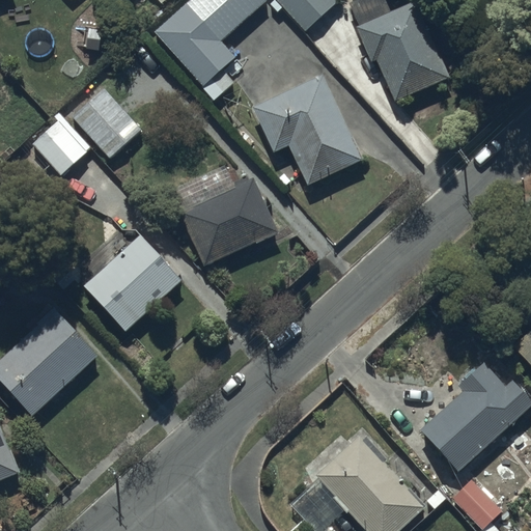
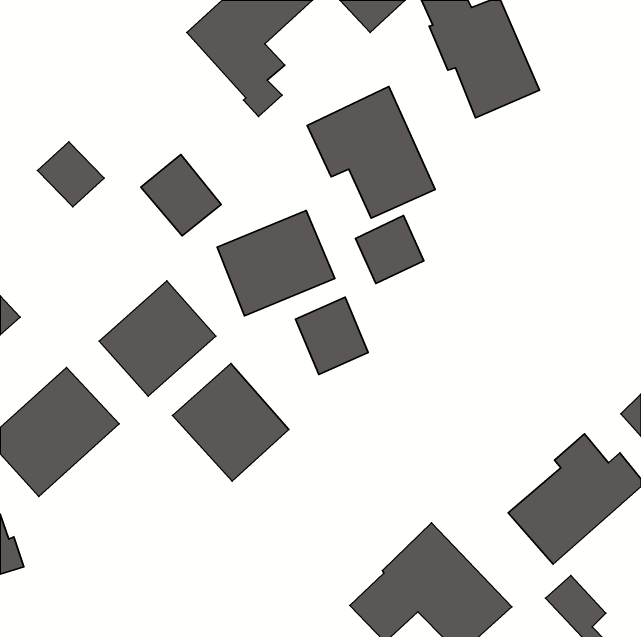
building: [73,88,139,156] -> [141,154,221,236]
building: none -> [355,216,424,284]
building: none -> [296,297,368,375]
building: none -> [172,363,289,481]

